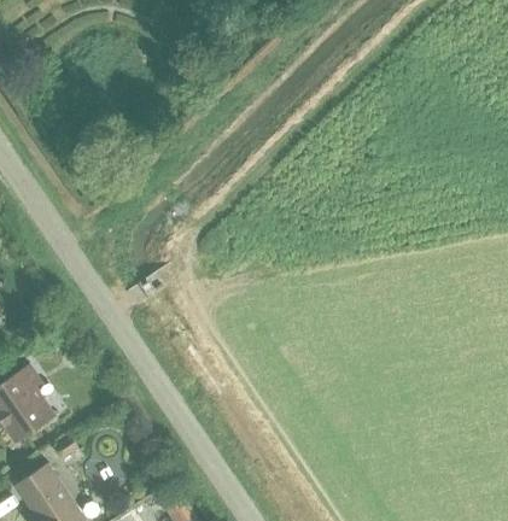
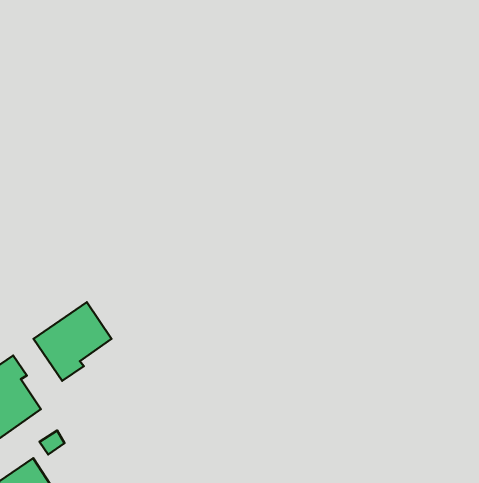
building: none -> [34,302,112,381]

